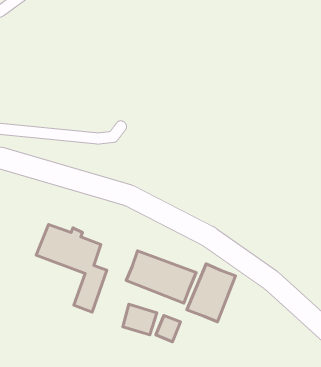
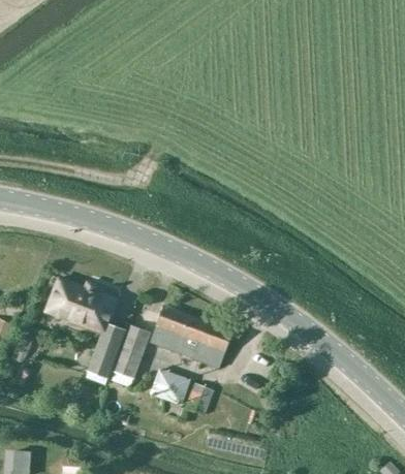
building: [187,264,236,322] -> none
building: none -> [114,324,151,378]

